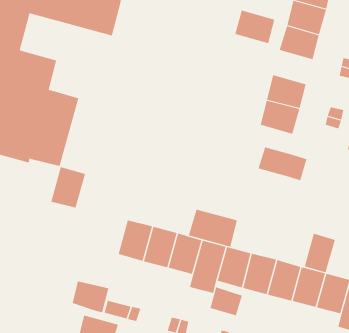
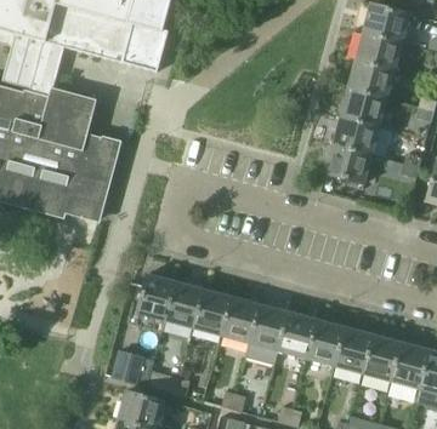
building: [235,10,275,44] -> [340,88,386,127]
building: [258,146,307,181] -> none
building: [50,166,86,208] -> [135,273,175,320]
building: [188,209,237,248] -> none
building: [304,233,335,273] -> none
building: [210,286,243,316] -> none

